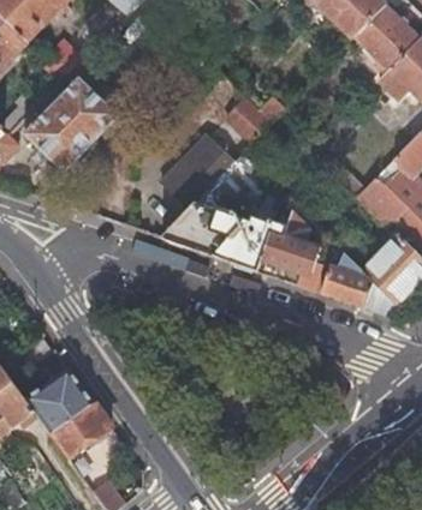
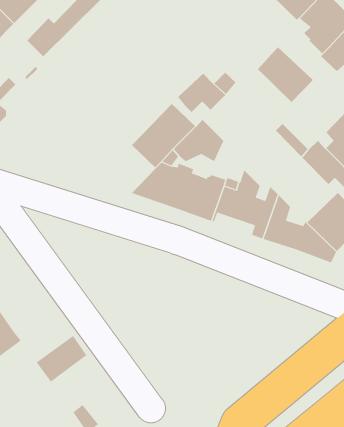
building: none -> [257,47,313,103]
building: [24,77,118,172] -> none
building: [25,365,94,431] -> none

